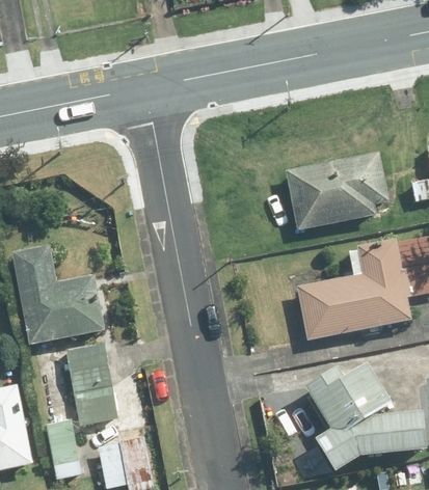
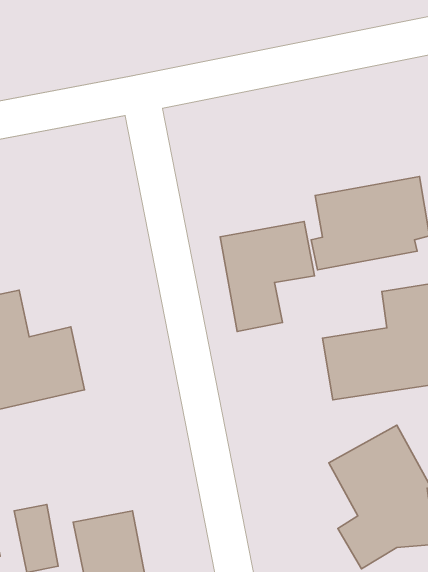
building: none -> [220,221,315,332]
building: [63,339,124,425] -> none

